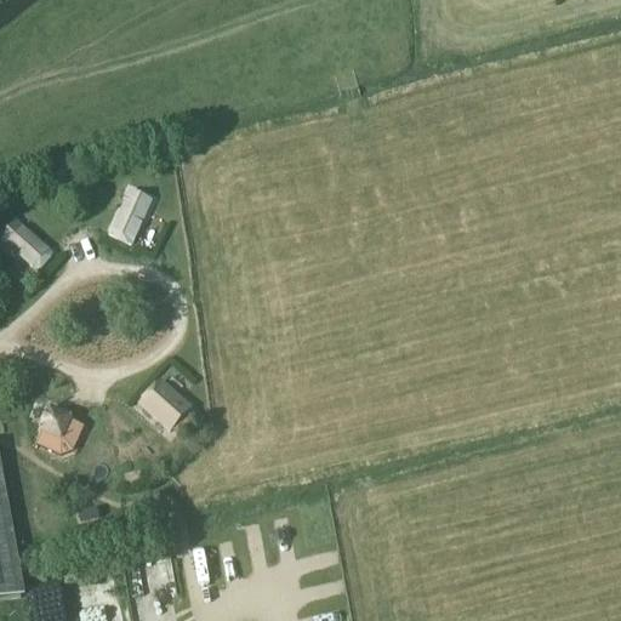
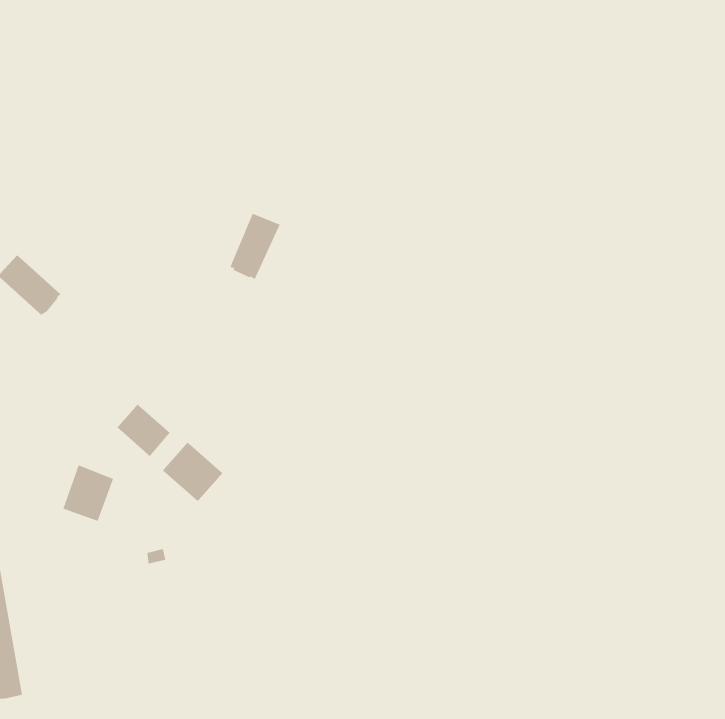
building: [108,187,152,244] -> [229,213,281,280]
building: none -> [117,403,171,457]

